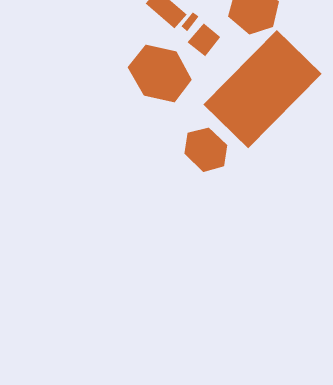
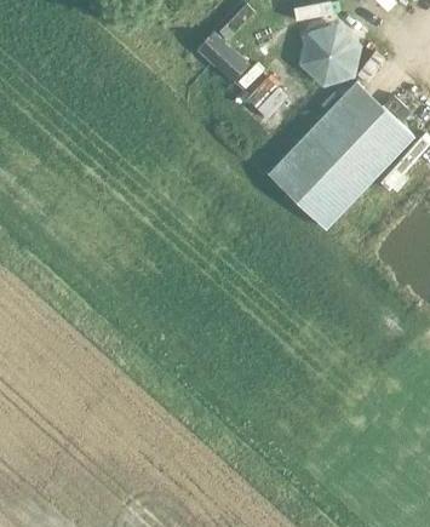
building: [127,44,192,103] -> none
building: [184,127,228,173] -> none

